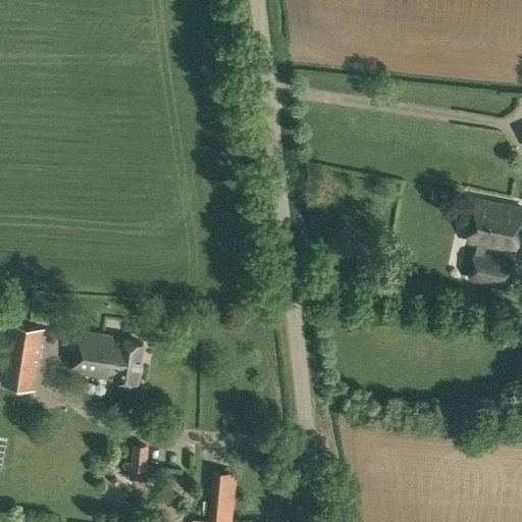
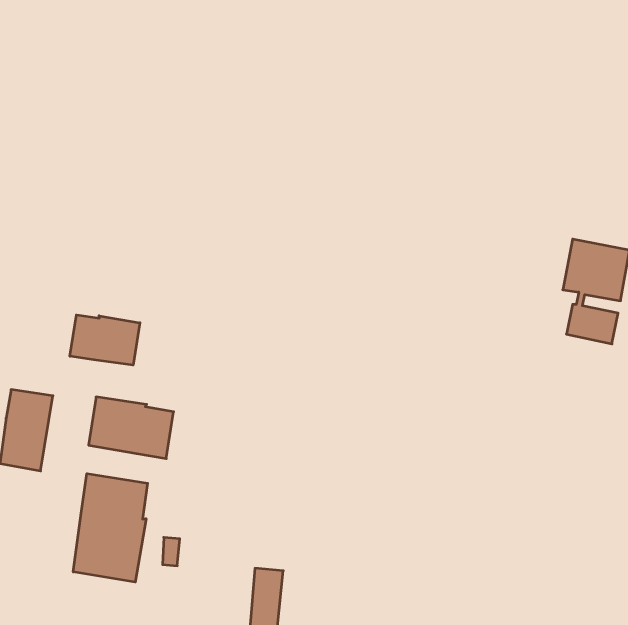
building: none -> [70,315,140,365]
building: none -> [73,474,148,582]

